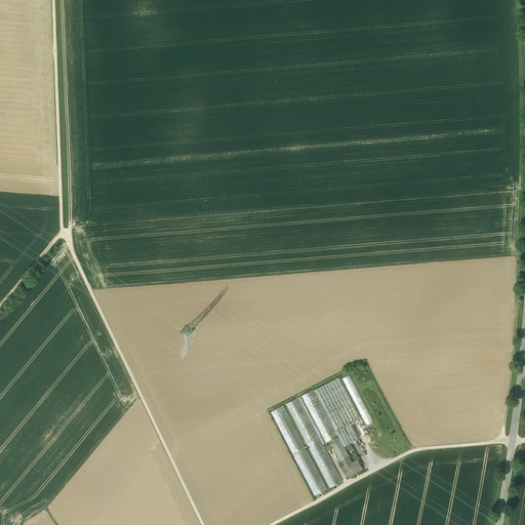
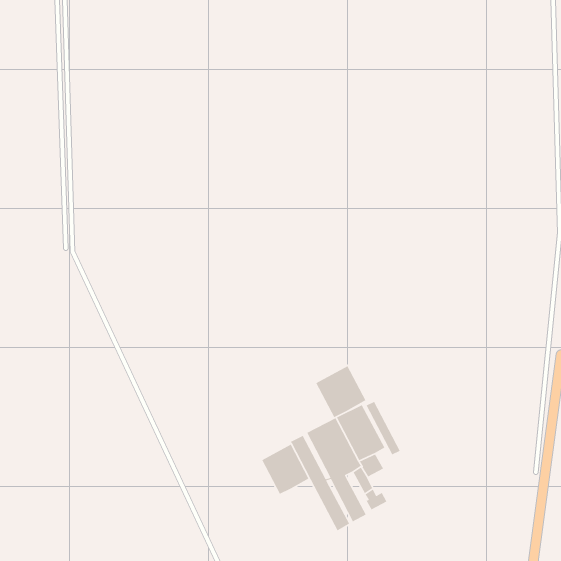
building: none -> [315,365,366,418]
building: none -> [261,444,309,495]

